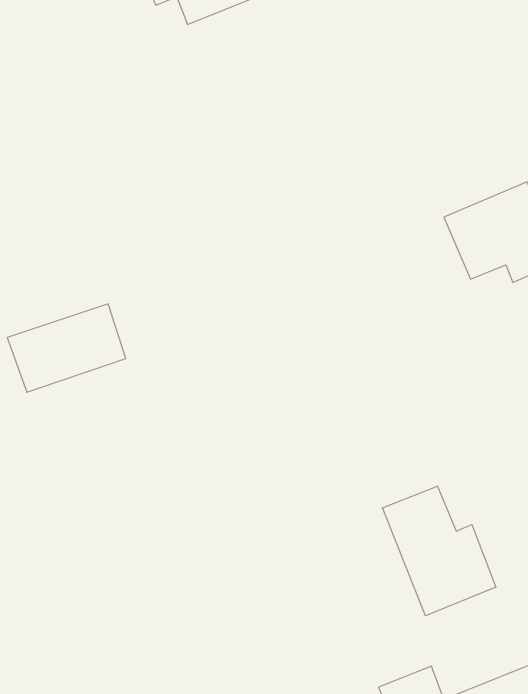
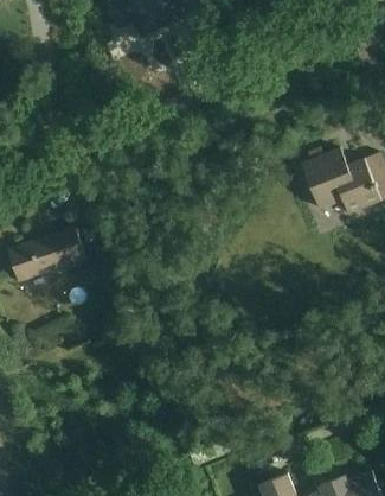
building: [382,486,496,616] -> none

